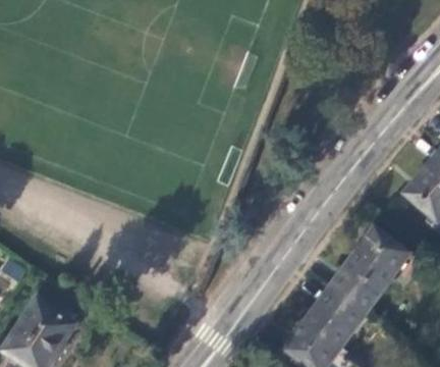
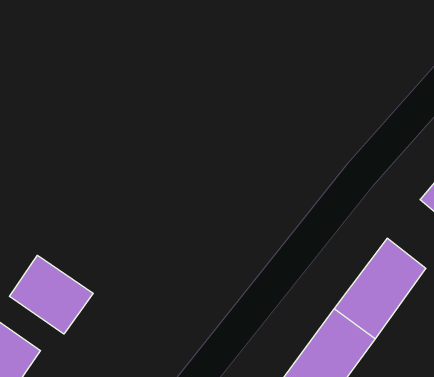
building: none -> [9,255,93,334]

